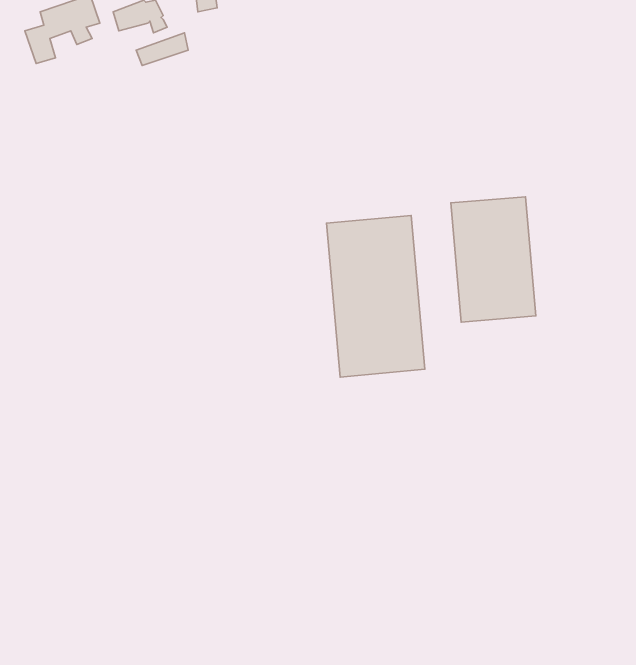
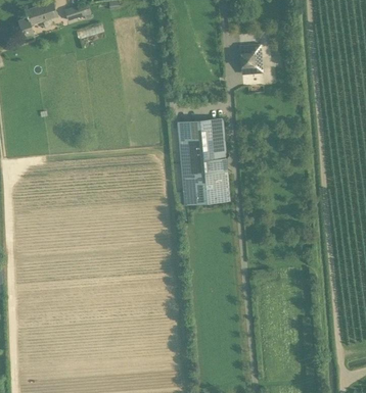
building: none -> [240,45,263,72]
building: [451,197,536,322] -> none

